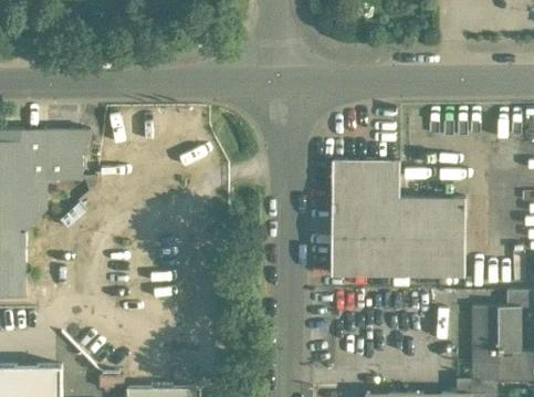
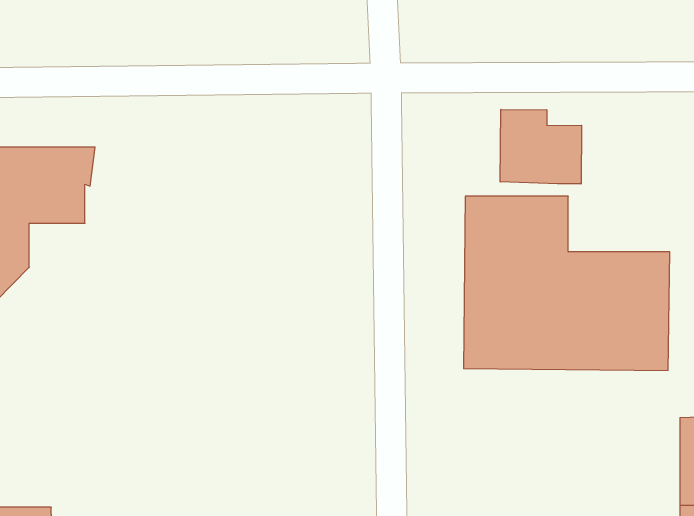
building: none -> [500,109,582,184]

